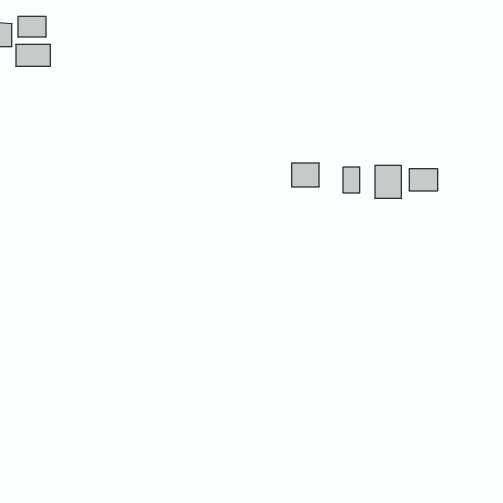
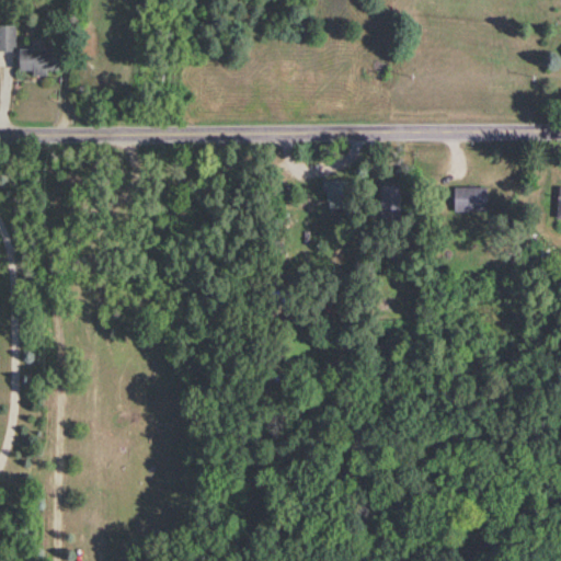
building: [18,16,46,37] -> none
building: [375,165,401,199] -> none

